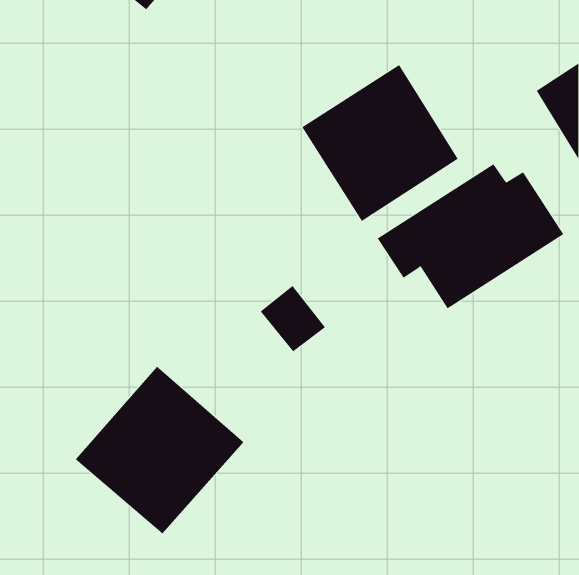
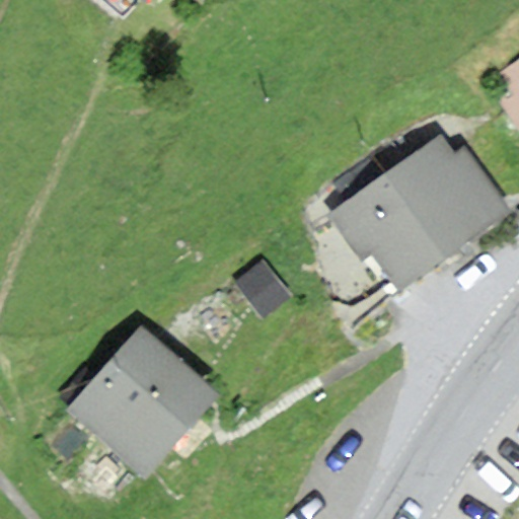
building: [302,64,458,222] -> none

